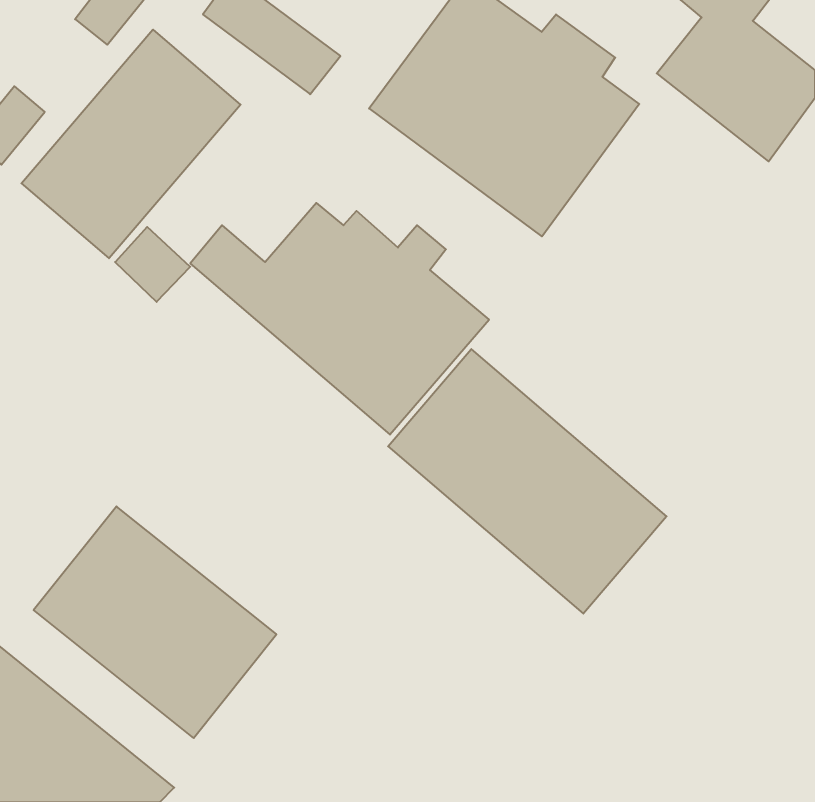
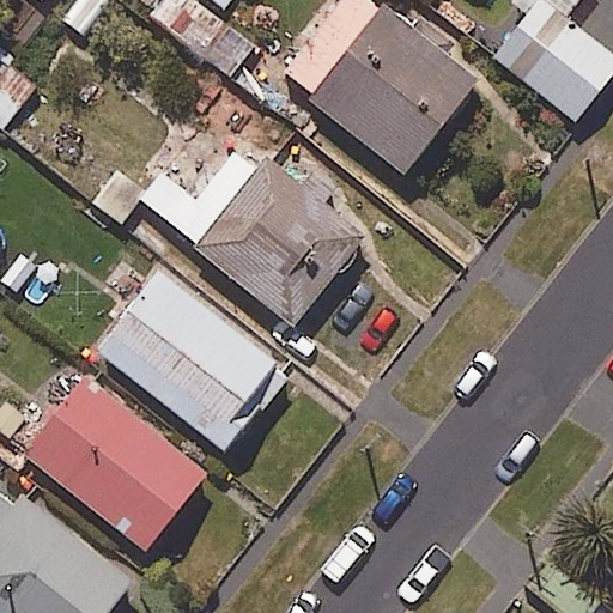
building: [21,30,241,258] -> none
building: [388,349,667,614] -> none
building: none -> [96,271,286,451]

